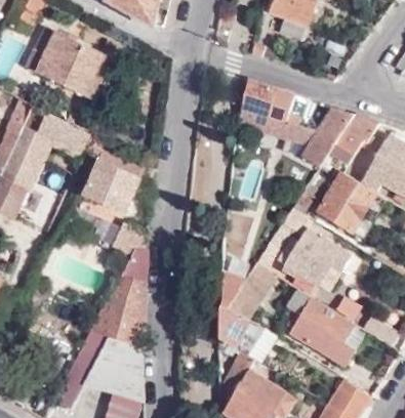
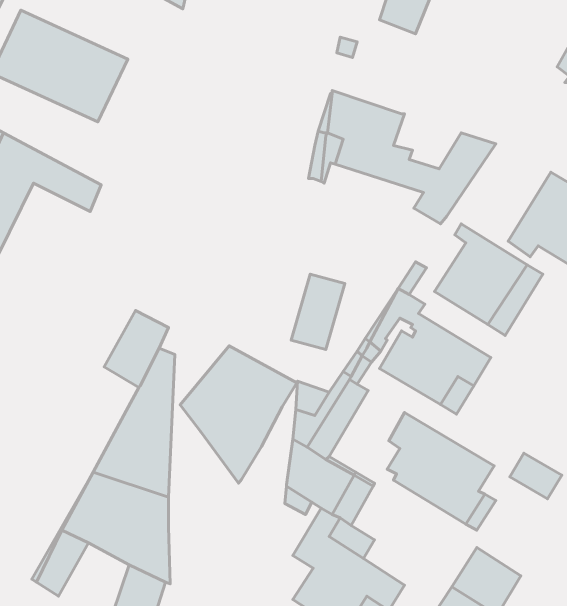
building: [329,114,377,162] -> none
building: [84,144,147,213] -> none
building: none -> [180,346,297,483]

